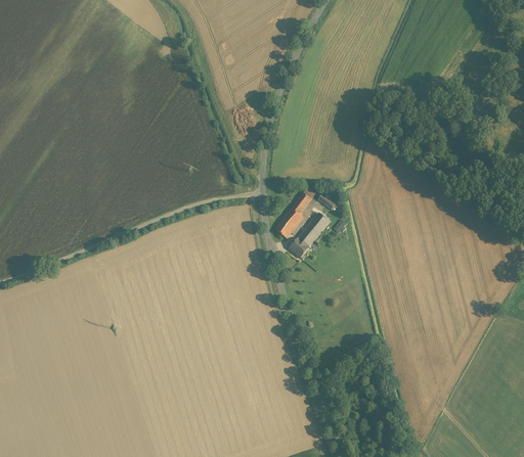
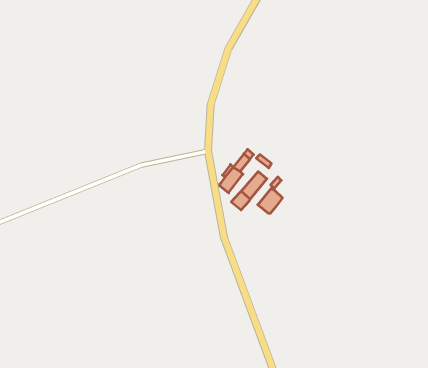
building: none -> [258,188,282,213]

